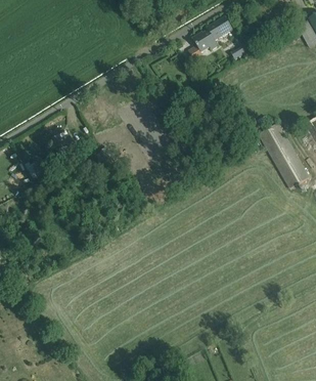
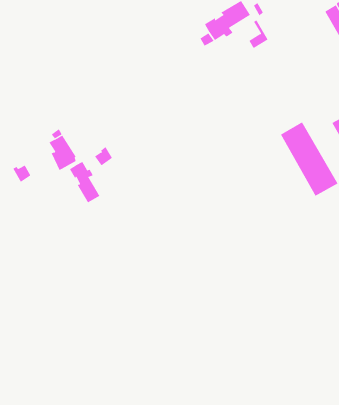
building: none -> [69,161,100,203]

